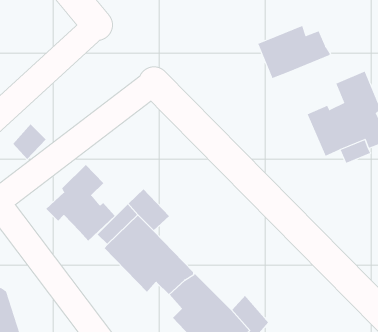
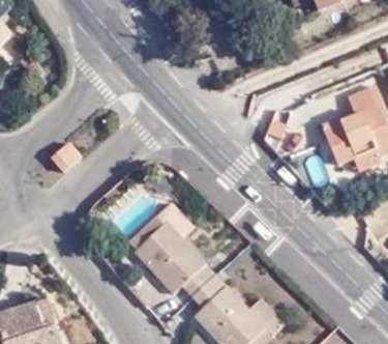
building: [258,25,331,79] -> none
building: [45,164,115,241] -> none

